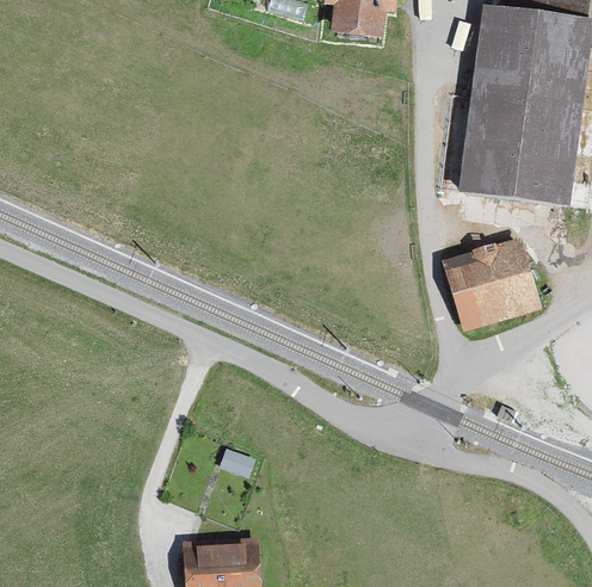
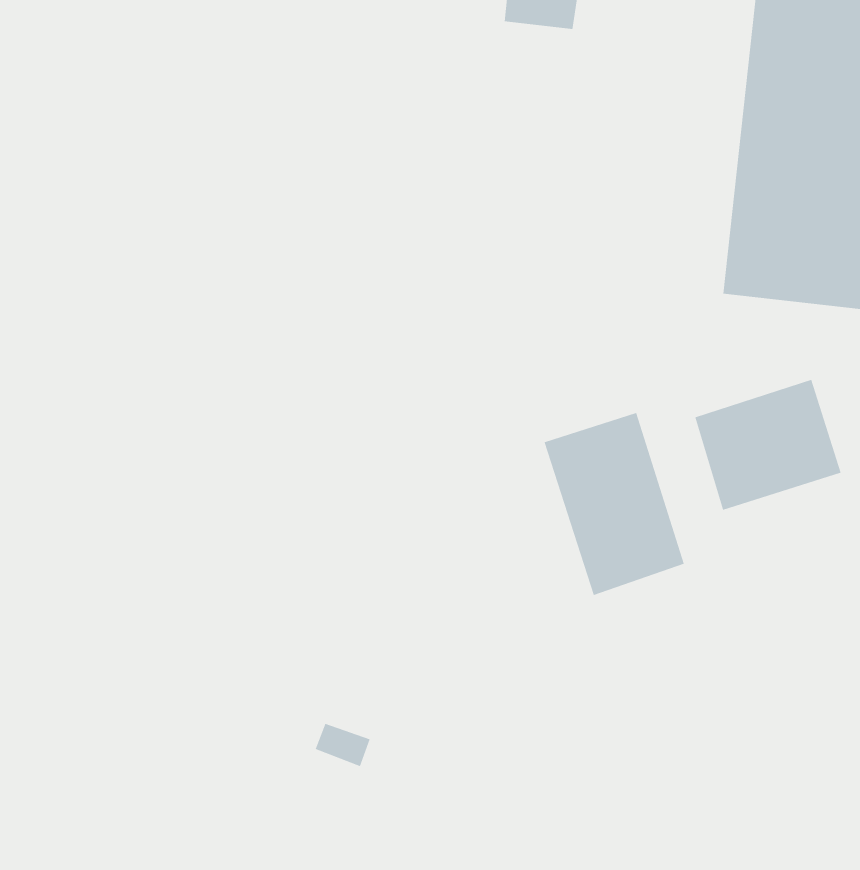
building: none -> [544,412,684,596]

